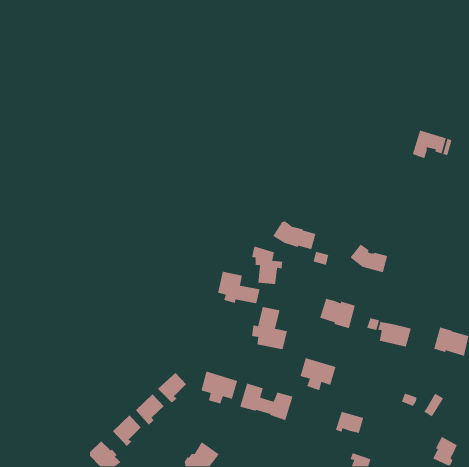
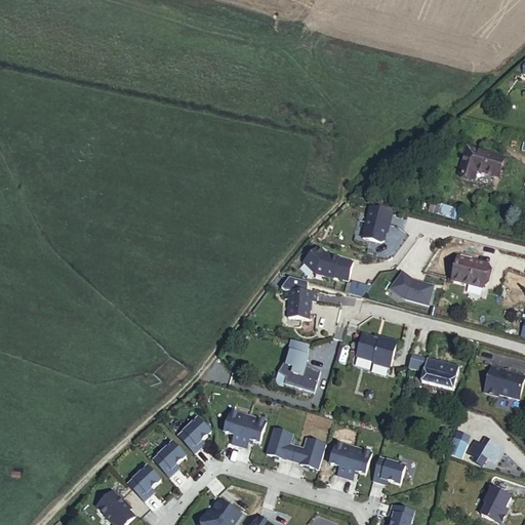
building: none -> [362,205,391,241]
building: none -> [452,256,488,286]
building: [217,271,260,304] -> none
building: [300,357,336,391] -> [331,442,372,480]

